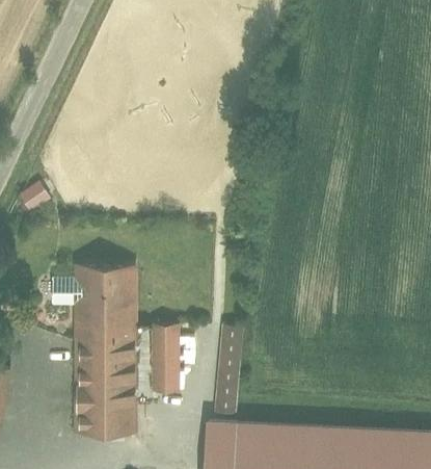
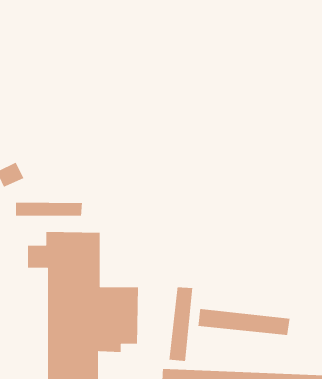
building: none -> [15,202,83,217]
building: none -> [198,308,291,336]

